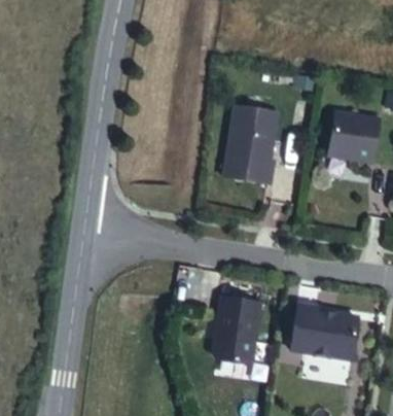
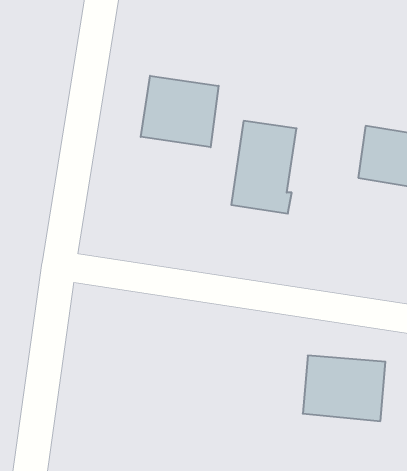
building: none -> [141,76,219,147]
building: [212,296,261,362] -> none

